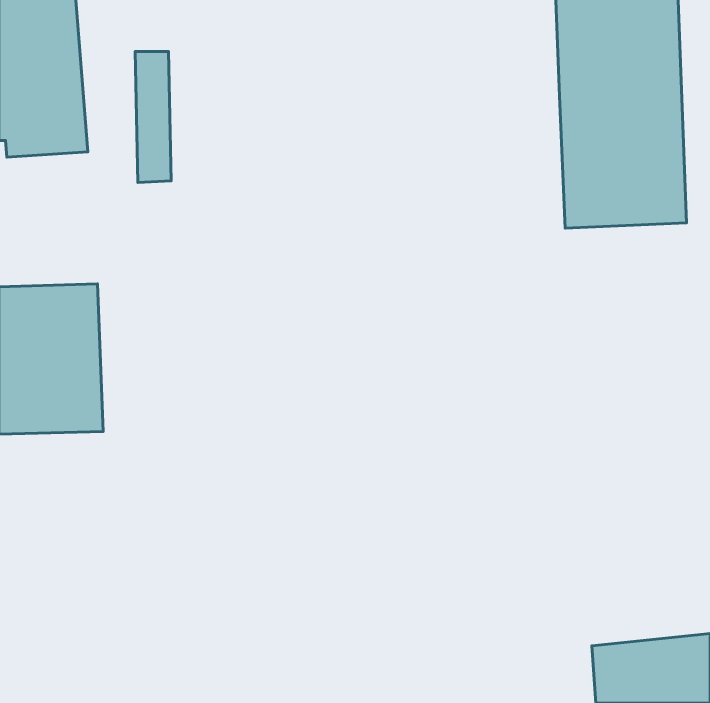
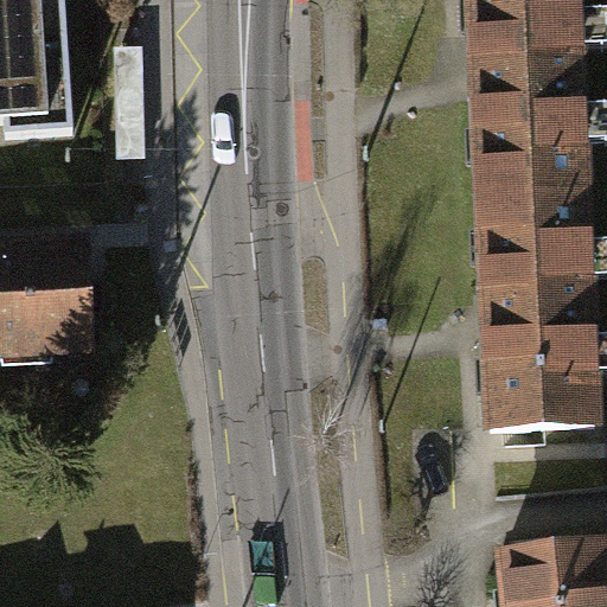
building: none -> [481,190,595,427]

